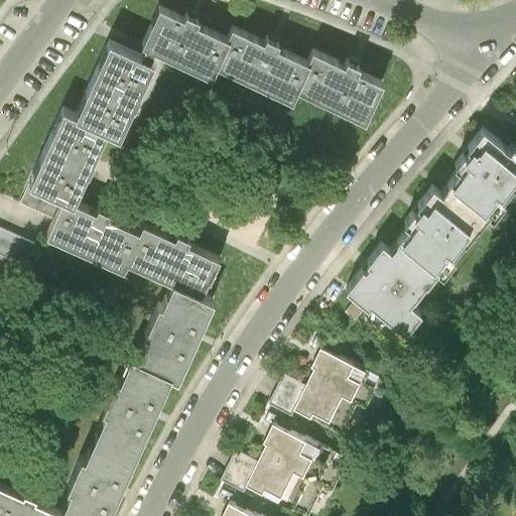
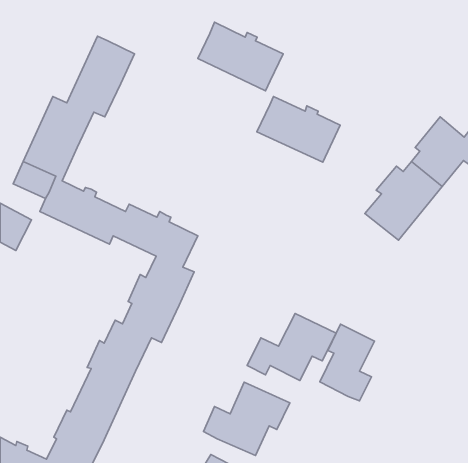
building: [148,17,235,87] -> none
building: [300,61,391,133] -> [257,96,340,162]
building: [348,244,439,330] -> none
building: none -> [320,324,375,401]

